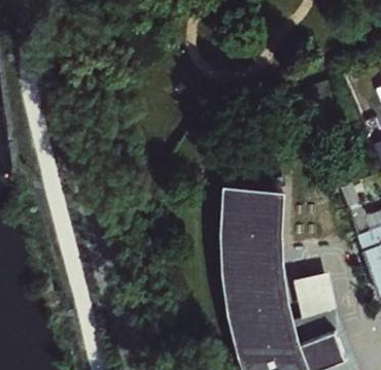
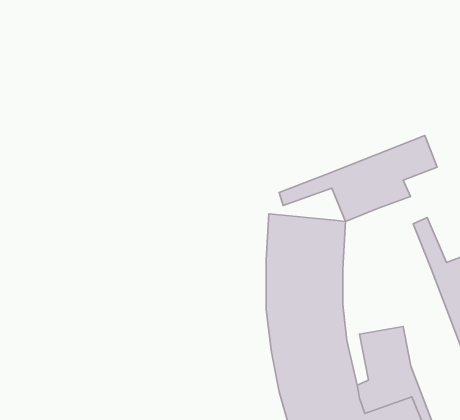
building: none -> [279,136,437,221]

